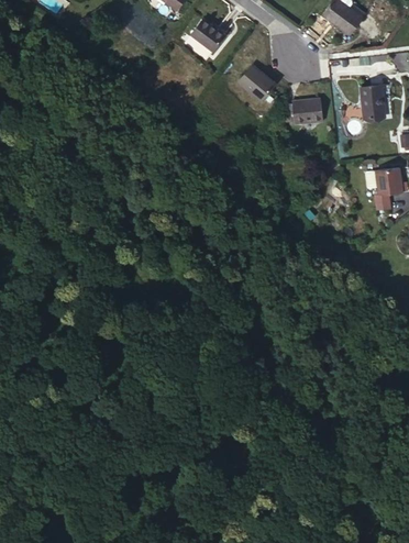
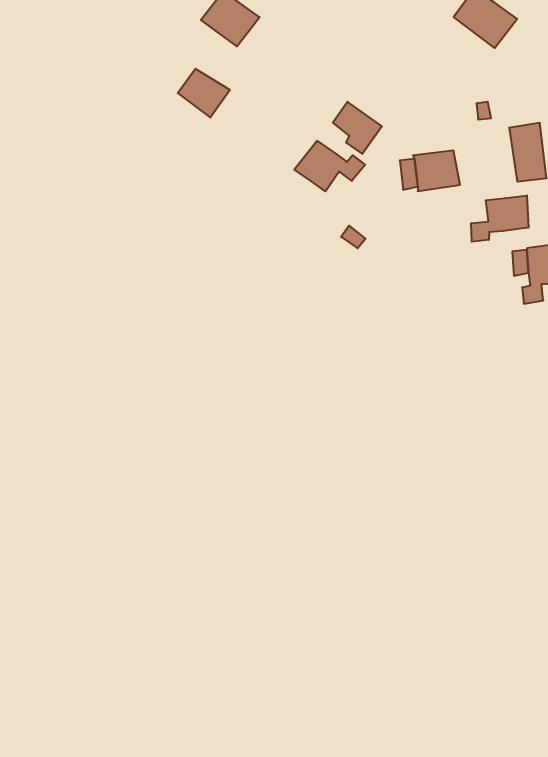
building: [191,19,226,52] -> [178,69,230,118]
building: none -> [294,141,365,191]
building: none -> [471,195,529,242]

